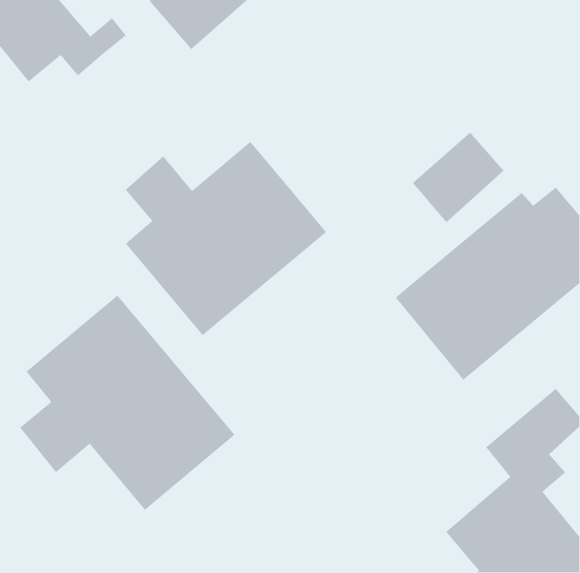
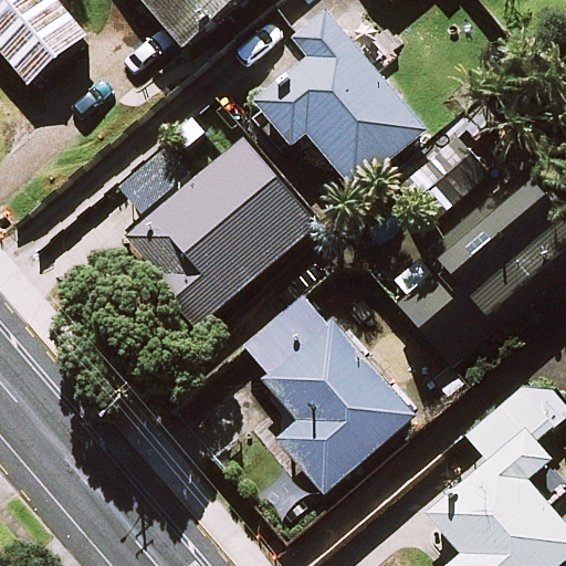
building: none -> [256,12,424,188]
building: [19,294,236,511] -> none
building: none -> [250,304,413,492]

